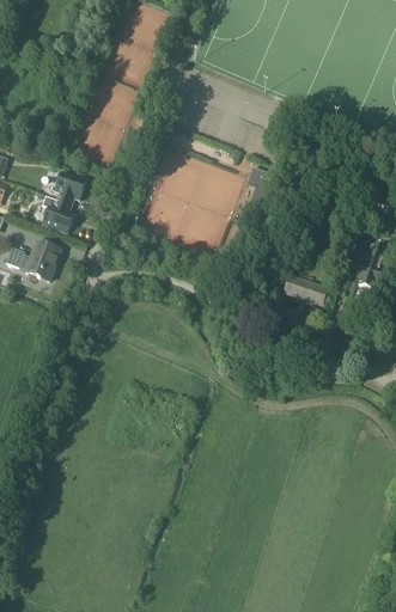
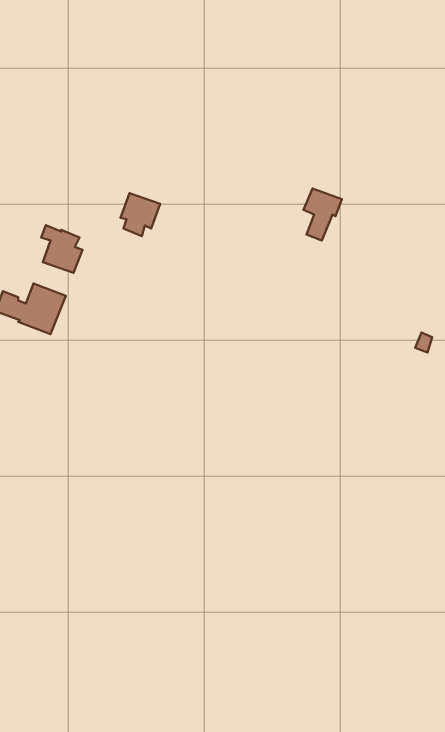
building: [55,171,86,204] -> [120,193,160,236]
building: [285,275,327,304] -> none

